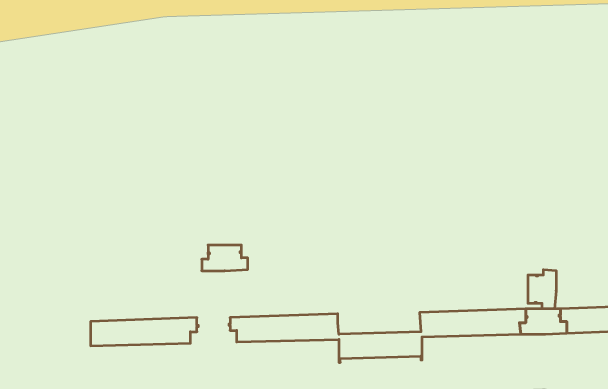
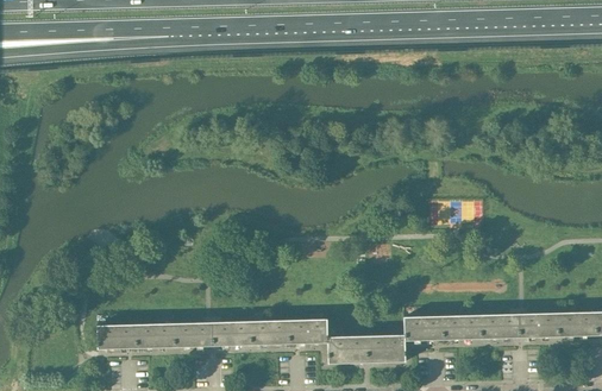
building: [202,245,248,271] -> [190,322,233,346]
building: [528,270,556,309] -> none

